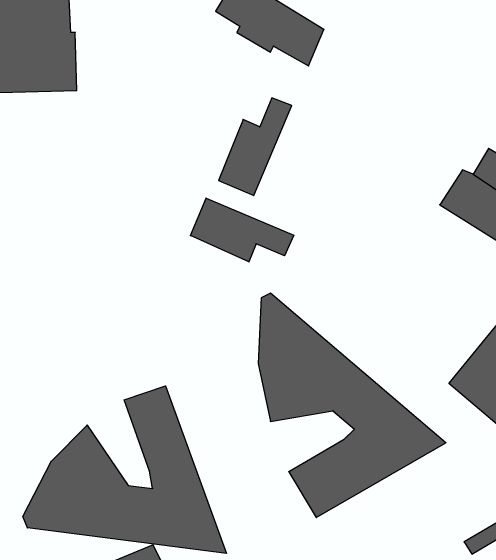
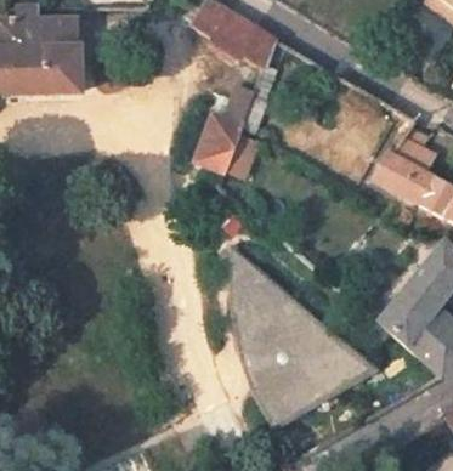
building: [190,198,294,262] -> none
building: [23,386,226,553] -> none
building: none -> [237,344,304,392]

